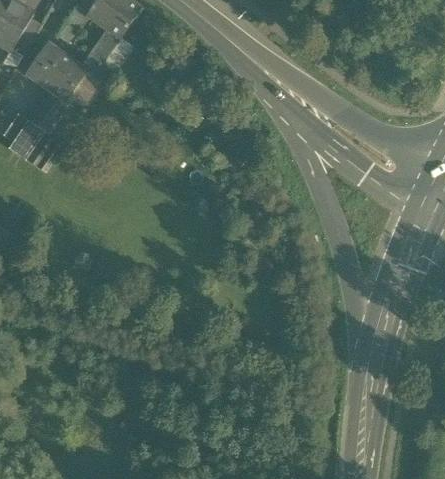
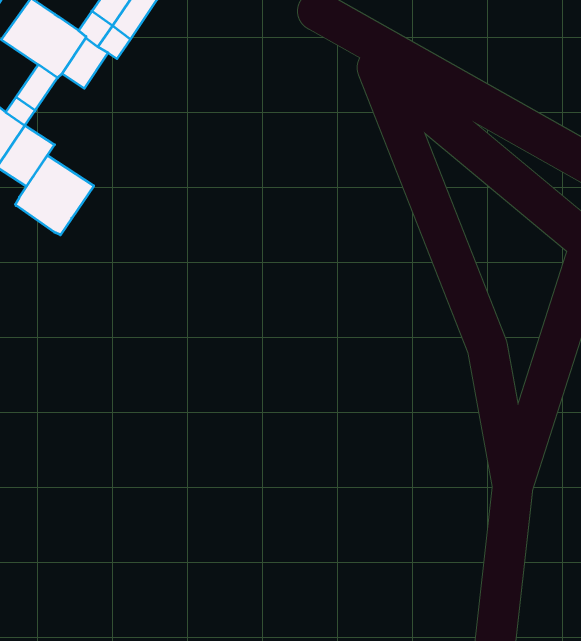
building: none -> [15,155,94,235]

